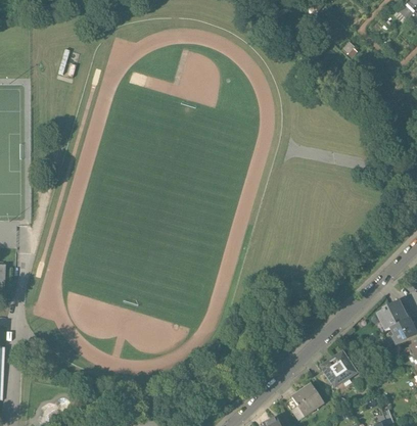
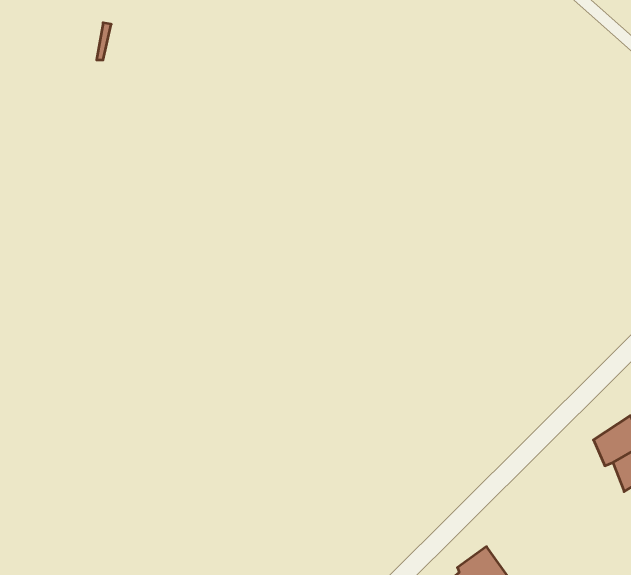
building: [321,352,353,383] -> none

